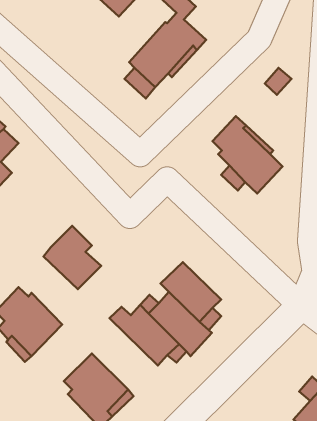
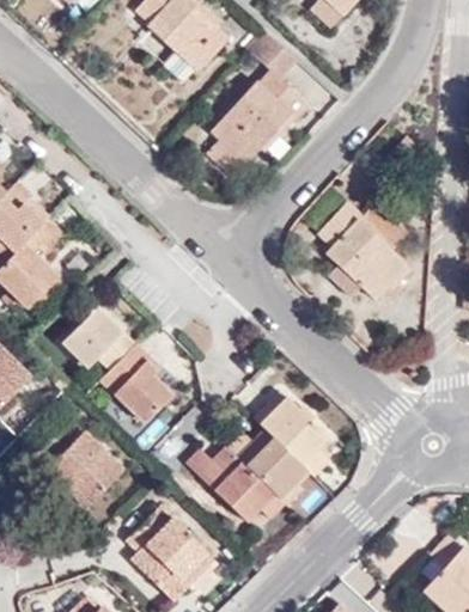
building: none -> [62,305,138,369]

